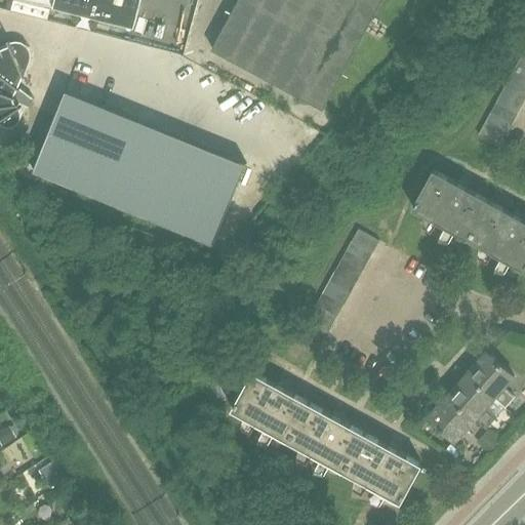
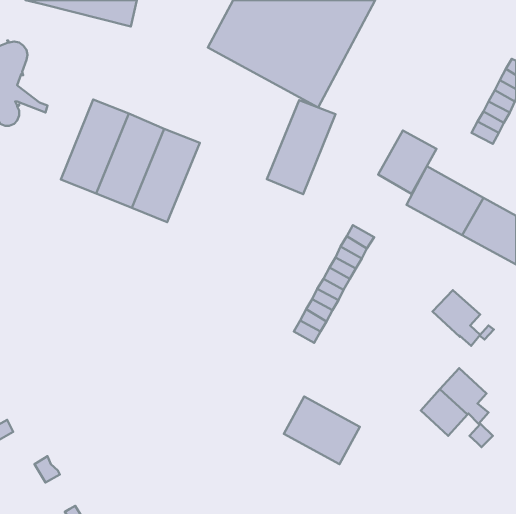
building: [25,89,94,186] -> none
building: none -> [378,131,436,194]
building: [169,149,239,244] -> [267,100,336,194]
building: [465,355,513,411] -> [433,290,480,346]
building: [231,374,308,443] -> none
building: [344,436,420,506] -> none

